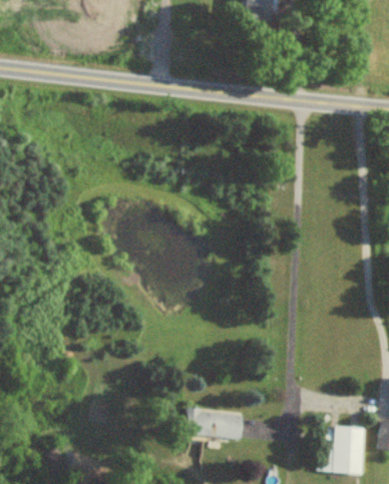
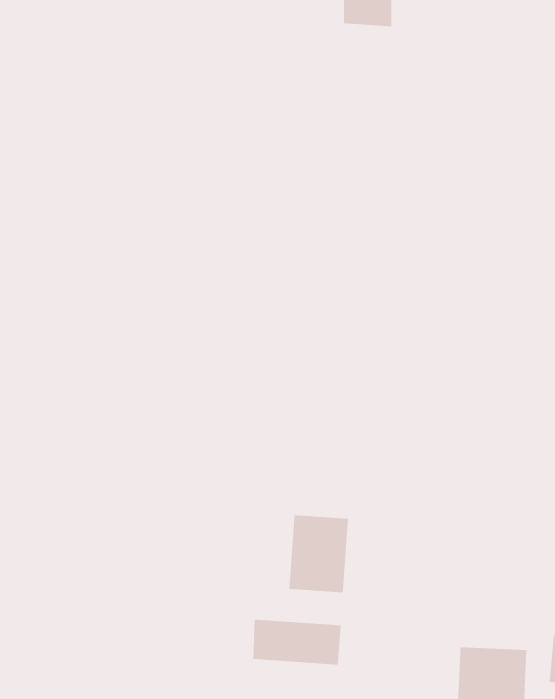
building: none -> [289,514,348,593]

